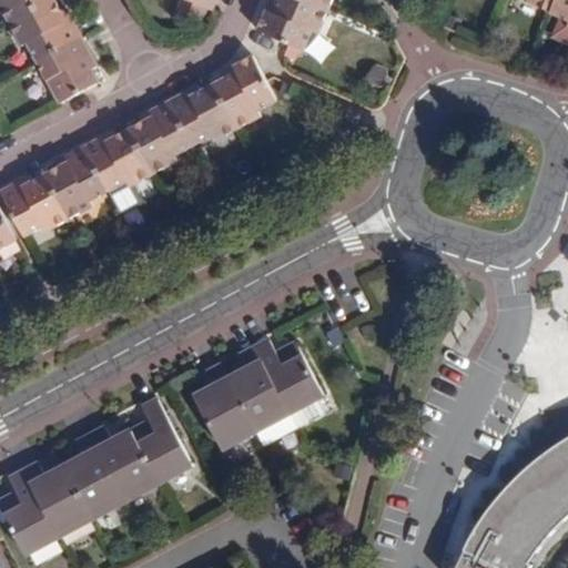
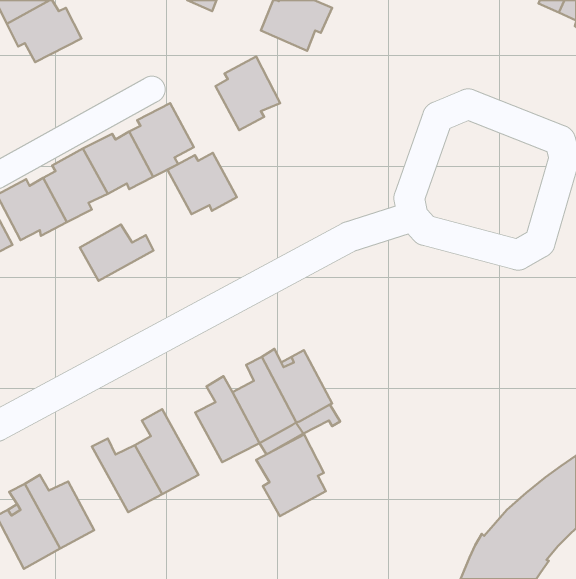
building: [34,38,94,102] -> none
building: [166,84,234,144] -> [168,153,237,214]
building: none -> [80,225,153,281]
building: none -> [256,435,326,516]
building: [67,437,125,519] -> none

